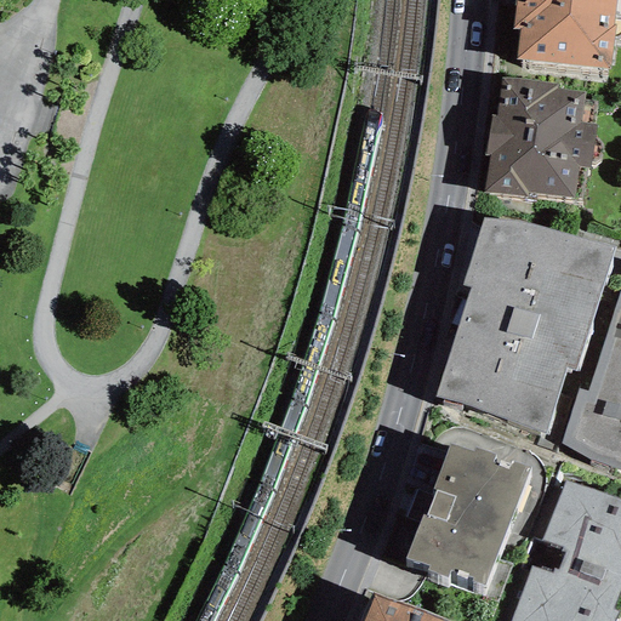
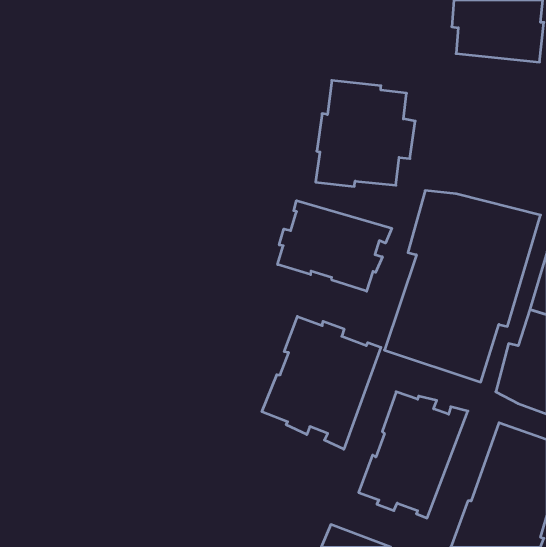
building: [485,78,598,198] -> [316,80,415,186]
building: none -> [278,201,392,291]
building: none -> [262,316,381,449]

